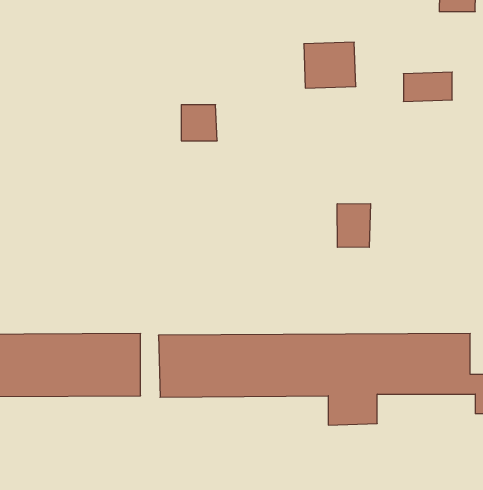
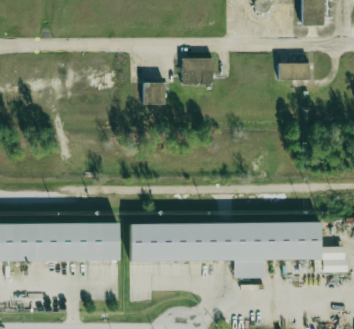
building: [304,42,356,88] -> [182,57,214,85]
building: [337,204,370,247] -> none

